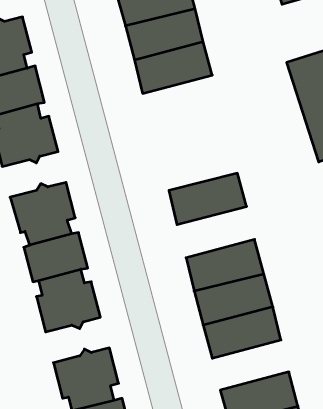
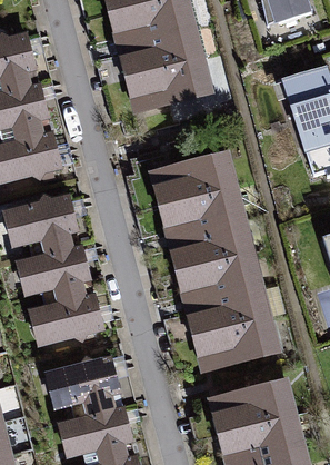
building: none -> [159,154,234,204]
building: none -> [176,219,251,269]

